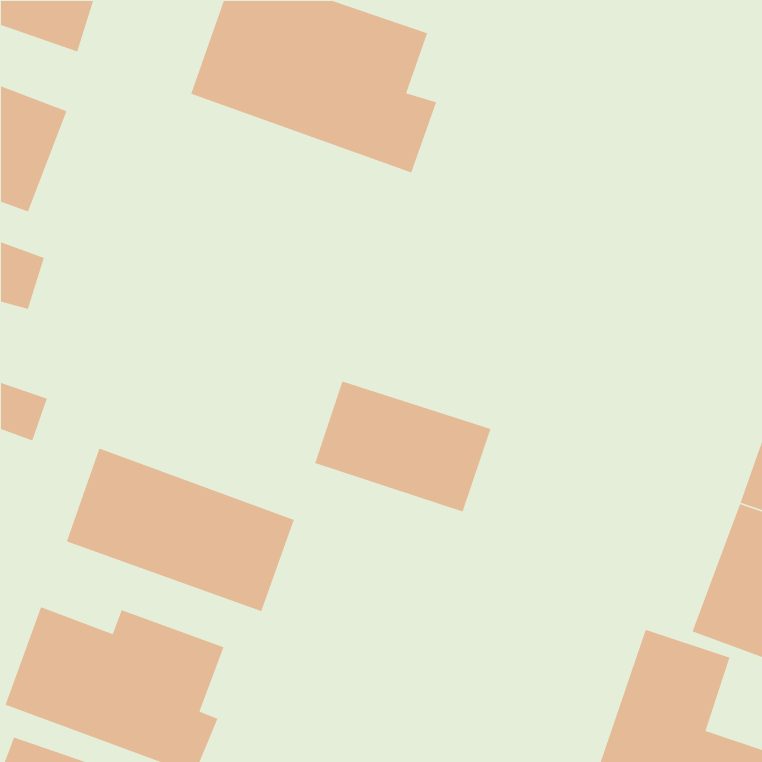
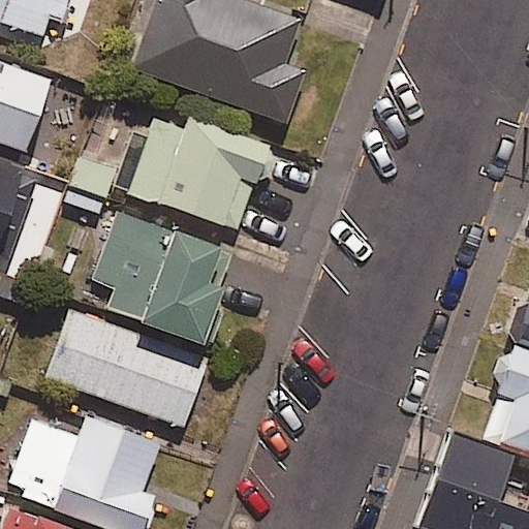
building: none -> [131,120,267,227]
building: none -> [96,212,220,338]
building: [314,380,492,513] -> none

